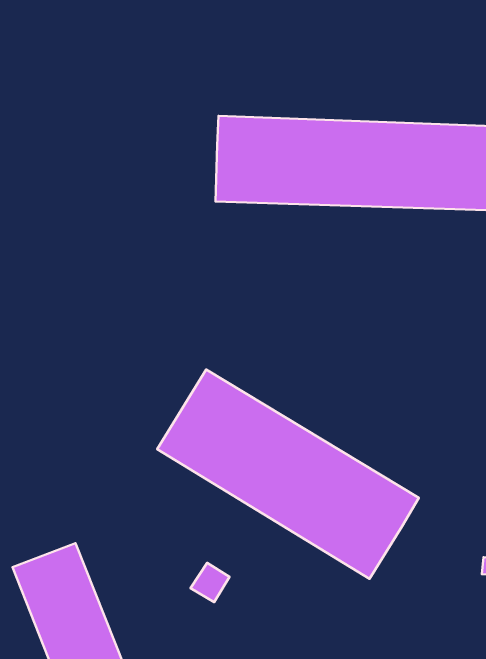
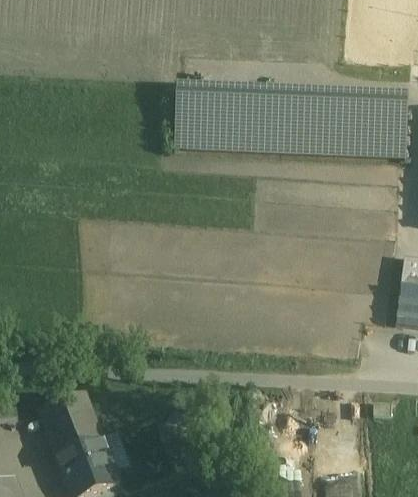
building: [157,369,419,579] -> none

